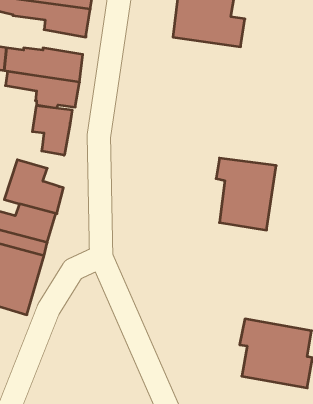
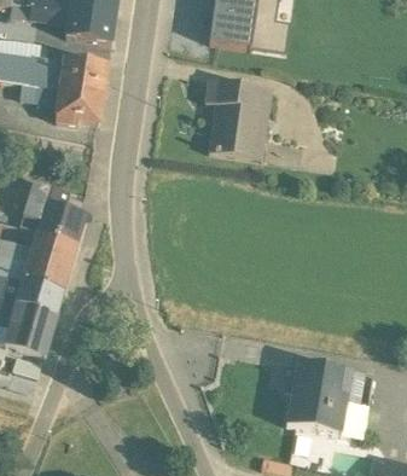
building: [32,106,72,155] -> none
building: [216,158,276,230] -> [205,81,273,162]

